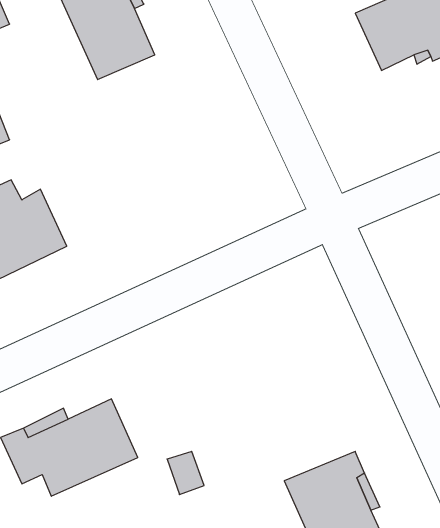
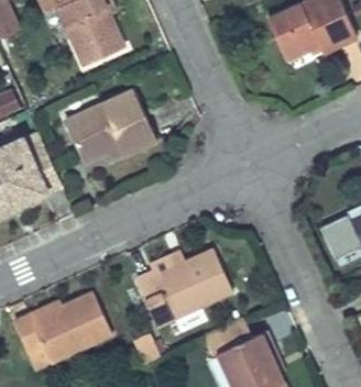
building: none -> [64,91,156,164]
building: none -> [135,250,233,320]

